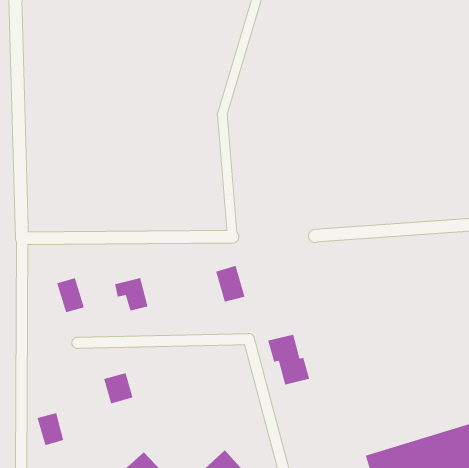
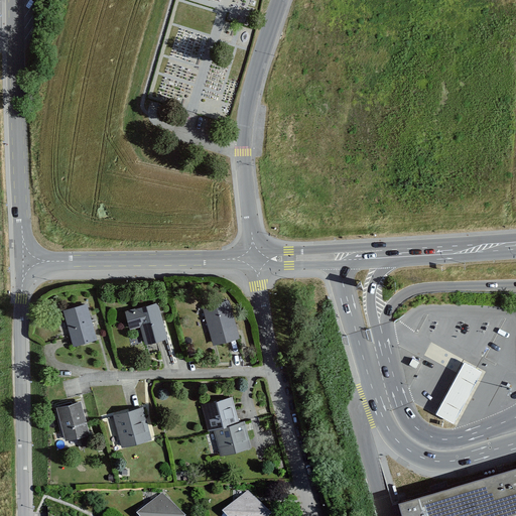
building: [215,265,245,303] -> [205,302,238,344]
building: none -> [438,363,484,424]
building: [267,334,310,385] -> [203,400,250,457]
building: [37,412,64,446] -> [55,403,86,440]

